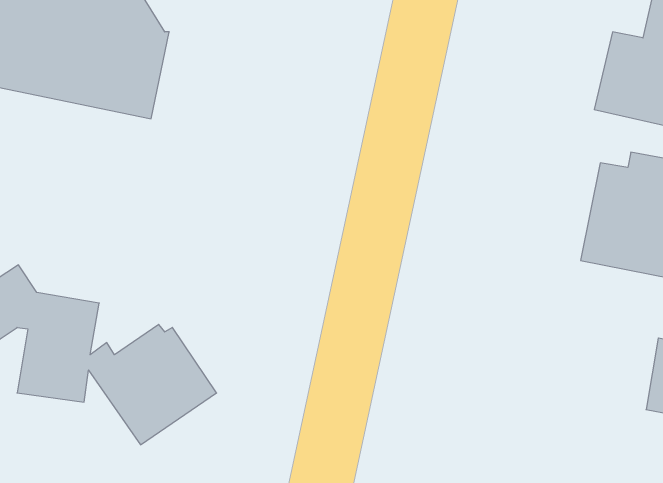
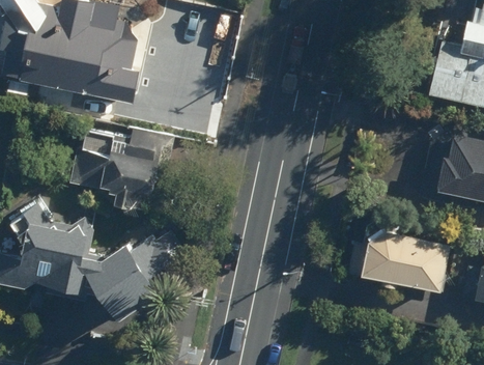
building: none -> [74,133,163,215]
building: none -> [346,229,452,292]

